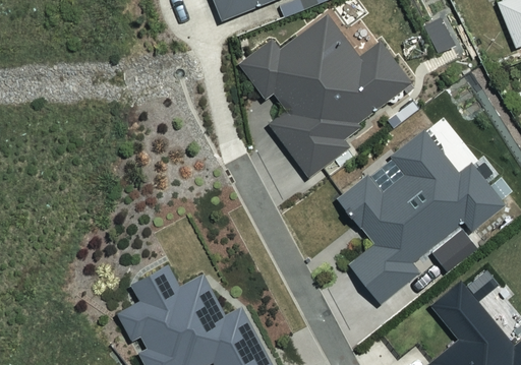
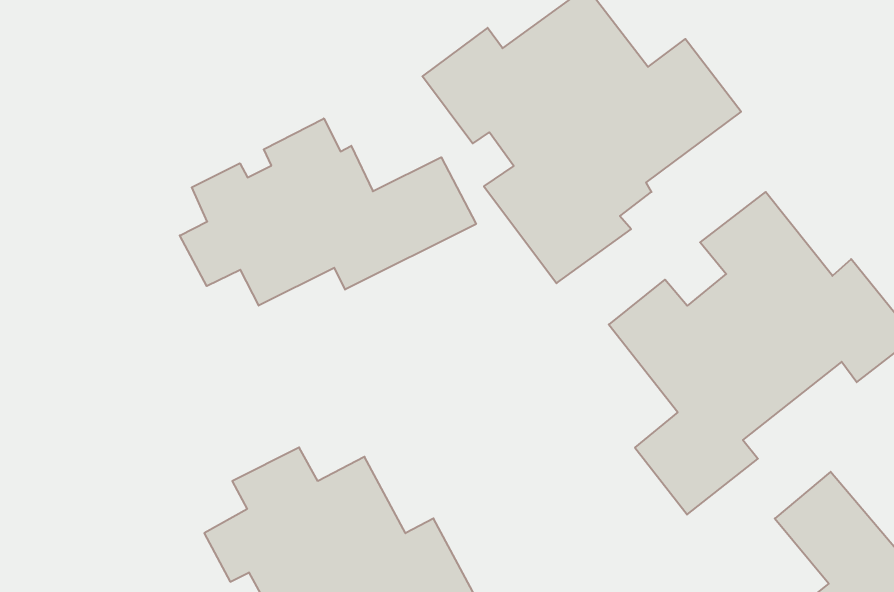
building: none -> [180,118,476,306]

